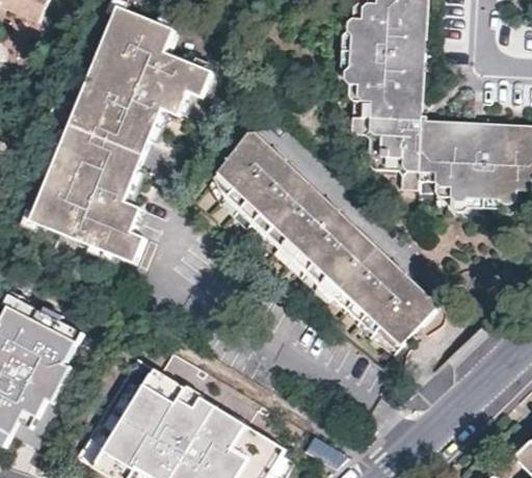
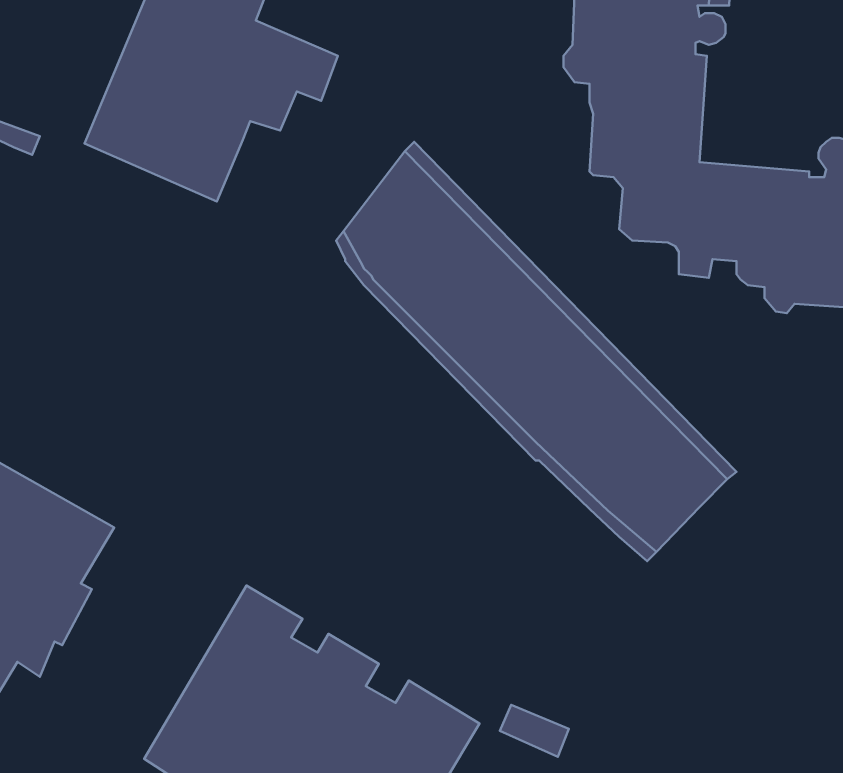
building: [411,71,473,135] -> none
building: [28,120,142,259] -> none

